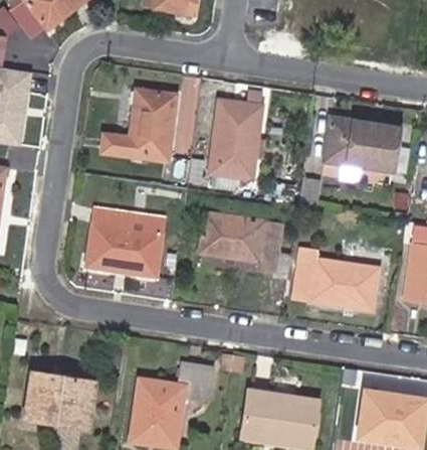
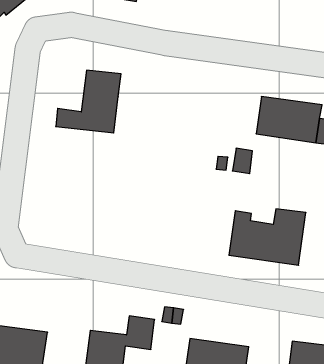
building: [211,104,258,178] -> none
building: [200,200,281,269] -> none
building: [88,209,162,275] -> none

